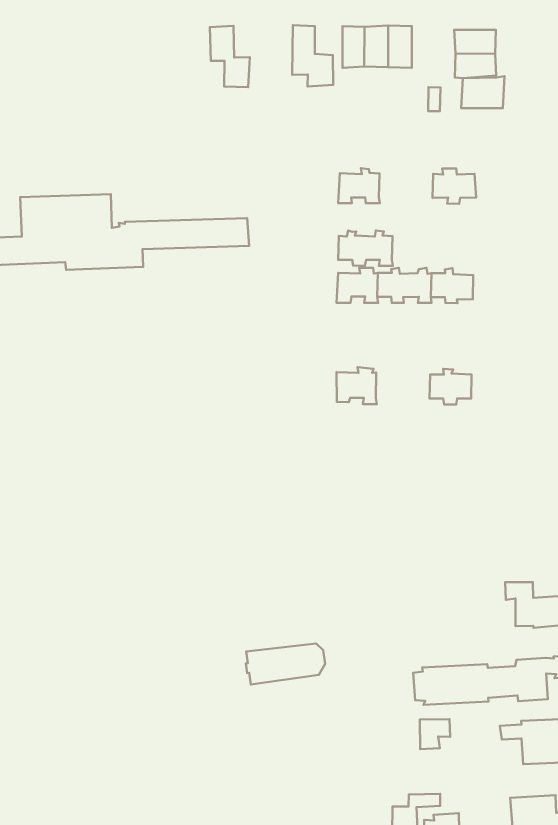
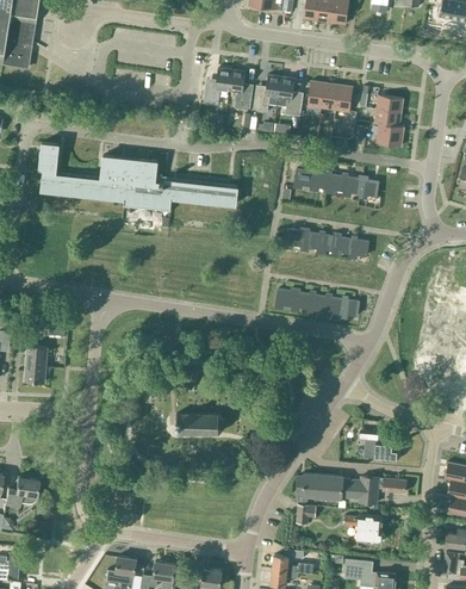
building: none -> [253,75,281,112]
building: none -> [203,68,231,105]
building: [338,231,393,266] -> [318,170,353,196]
building: none -> [299,291,334,316]
building: [246,643,325,684] -> [175,414,223,434]

